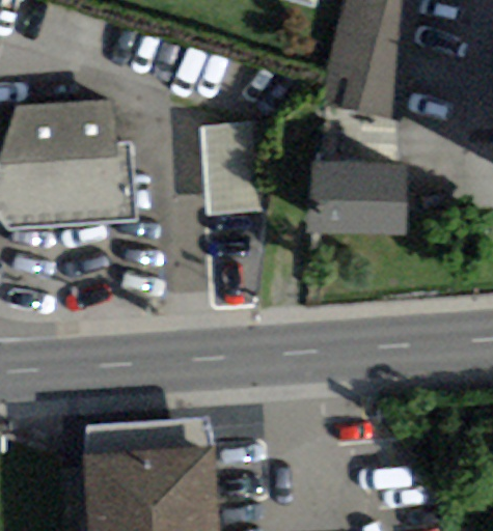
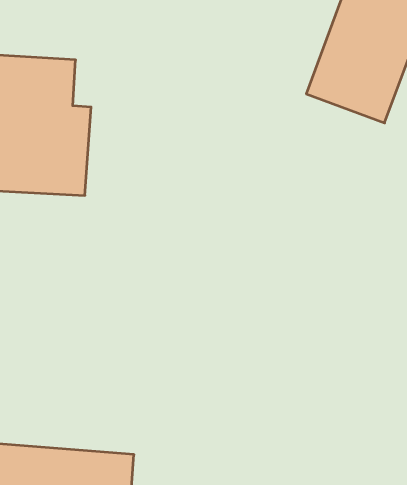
building: [198,119,261,212] -> none
building: [309,159,404,233] -> none

